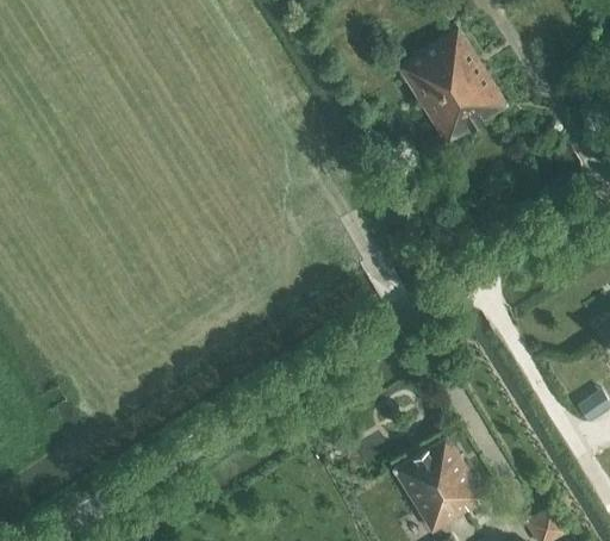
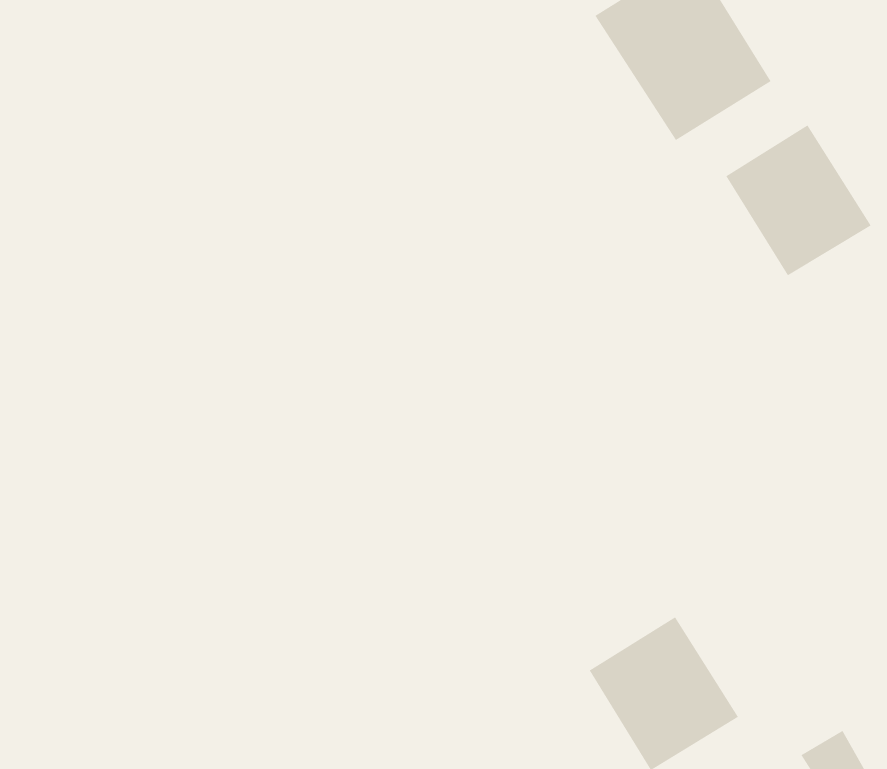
building: none -> [726,124,872,276]

